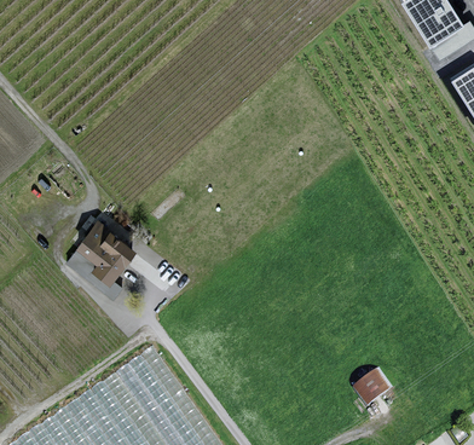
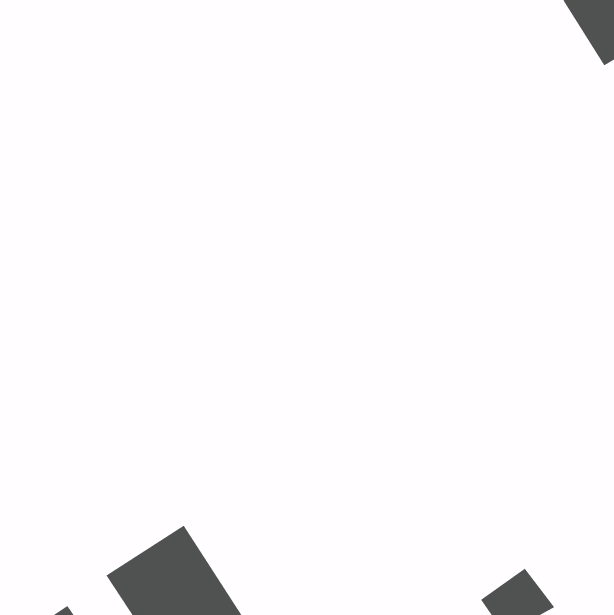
building: [74,218,134,281] -> none

